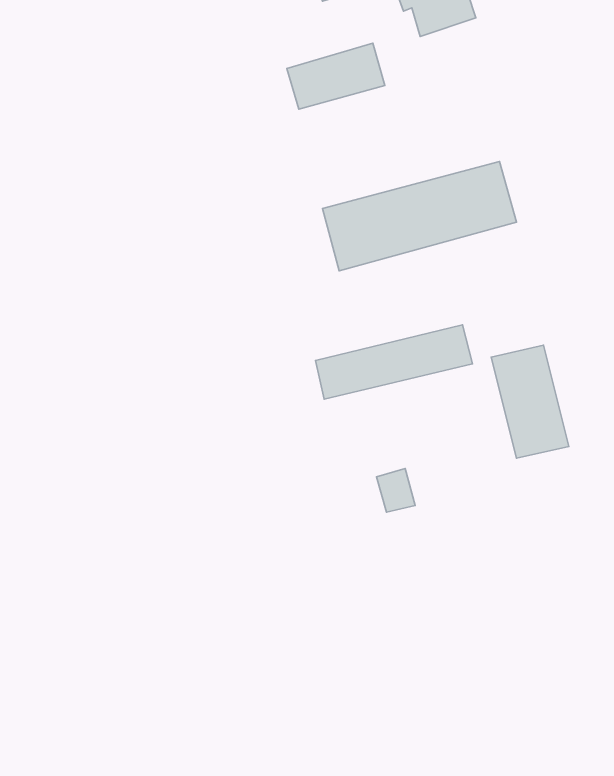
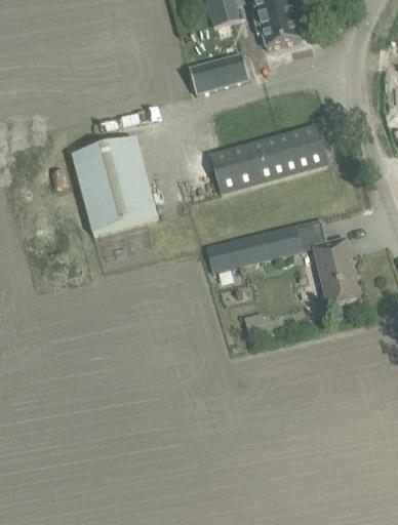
building: none -> [72,138,158,234]

